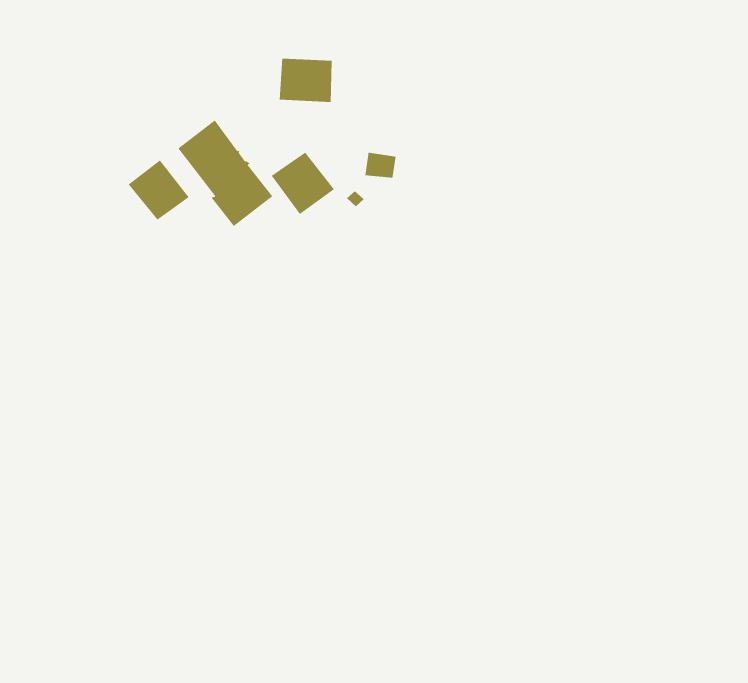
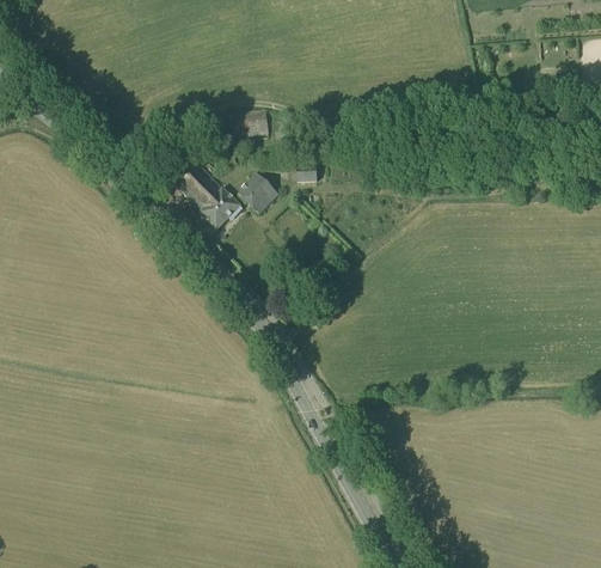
building: [128,159,189,220] -> none

